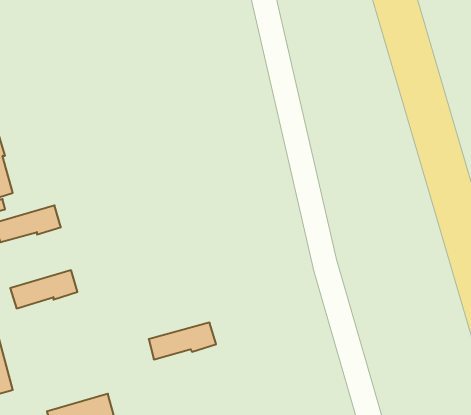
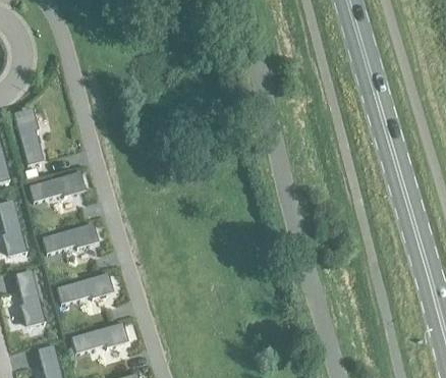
building: [149,323,216,359] -> [58,273,112,303]

